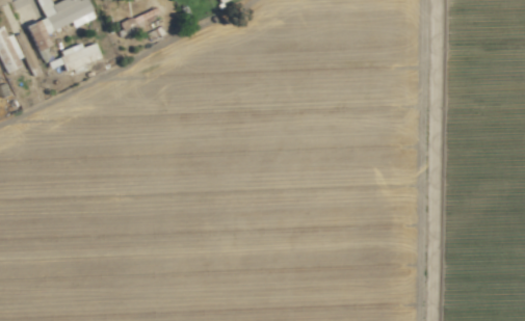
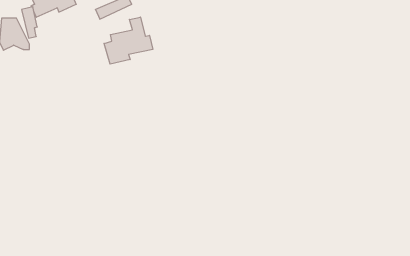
building: none -> [104,17,153,64]
building: [61,43,102,70] -> none

